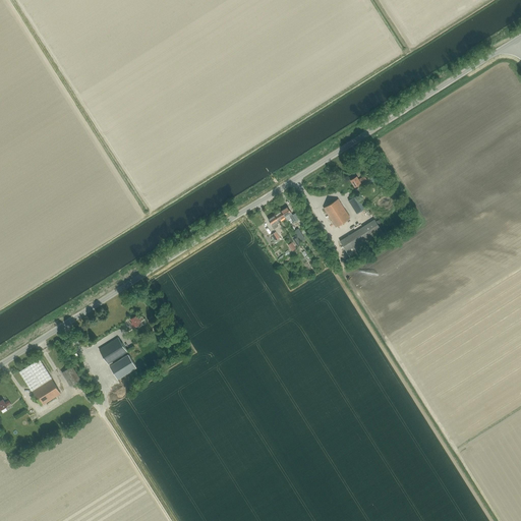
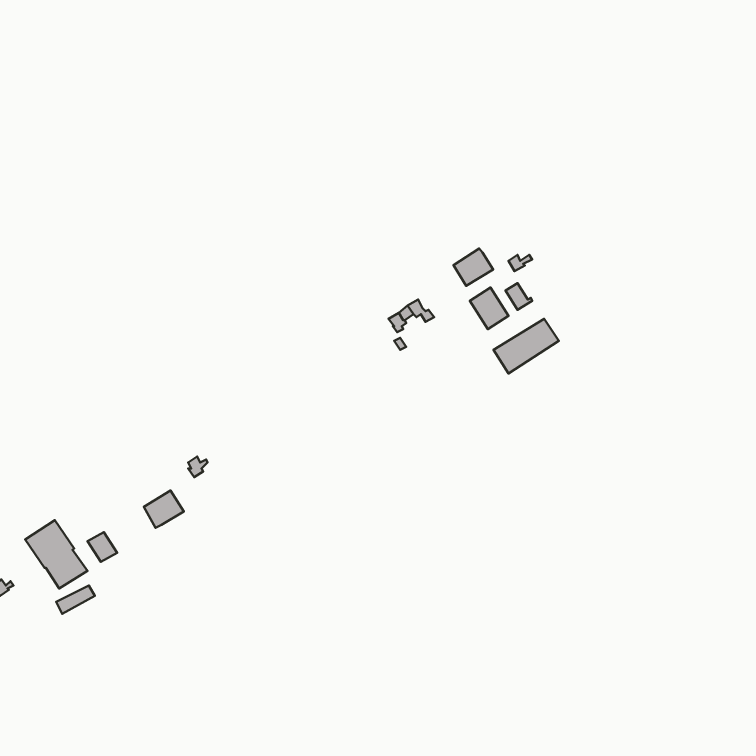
building: none -> [453,249,493,286]
building: [108,353,135,379] -> none

